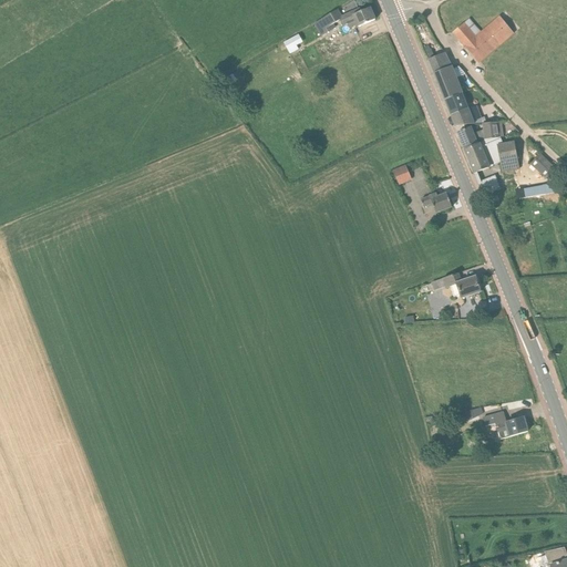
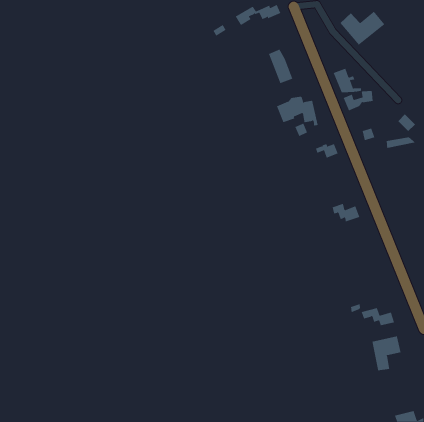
building: [429,51,462,97] -> [268,49,293,84]
building: [465,135,522,175] -> [276,96,319,126]
building: none -> [372,336,401,371]

